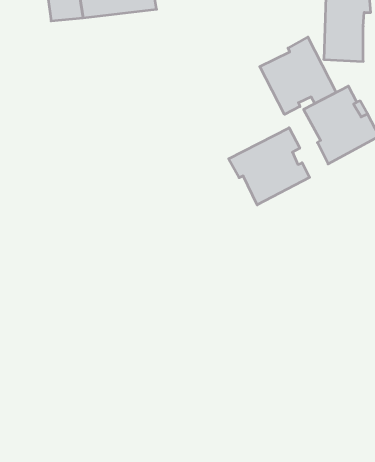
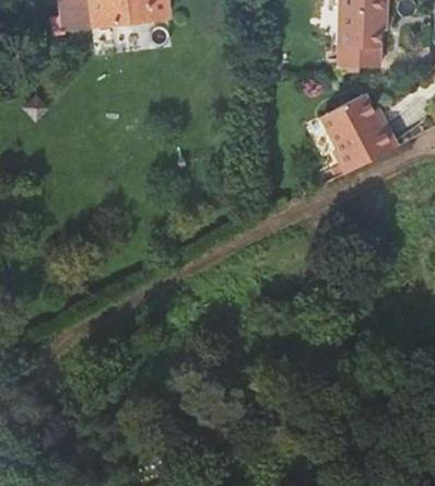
building: [260,37,336,114] -> none
building: [229,128,310,205] -> none

